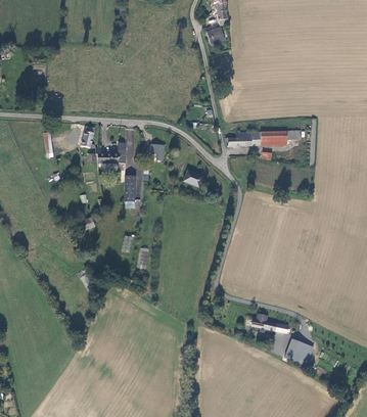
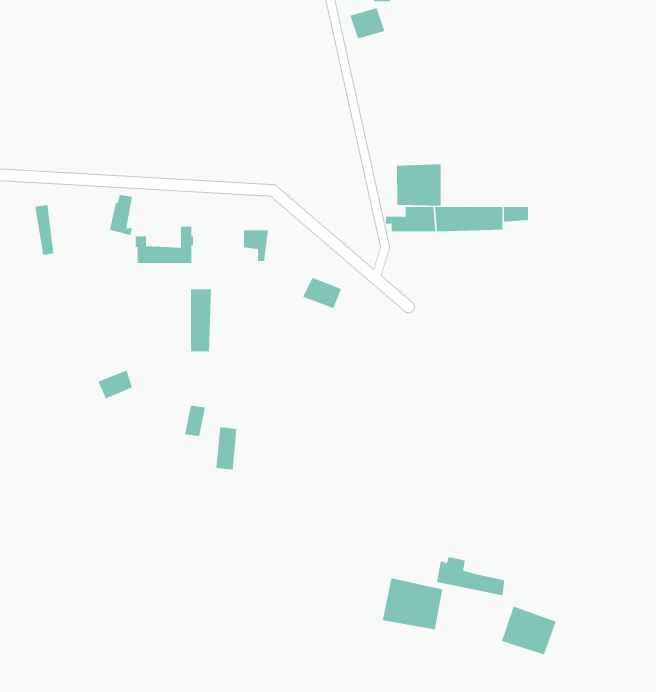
building: none -> [396,164,441,206]
building: none -> [382,577,443,630]

